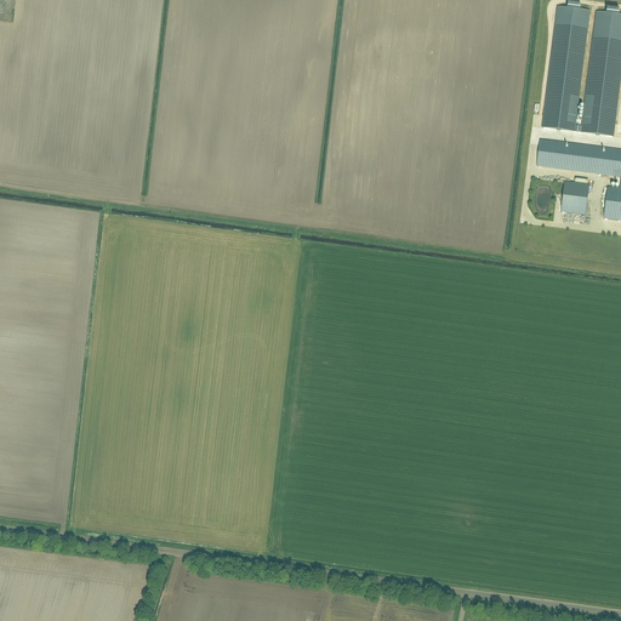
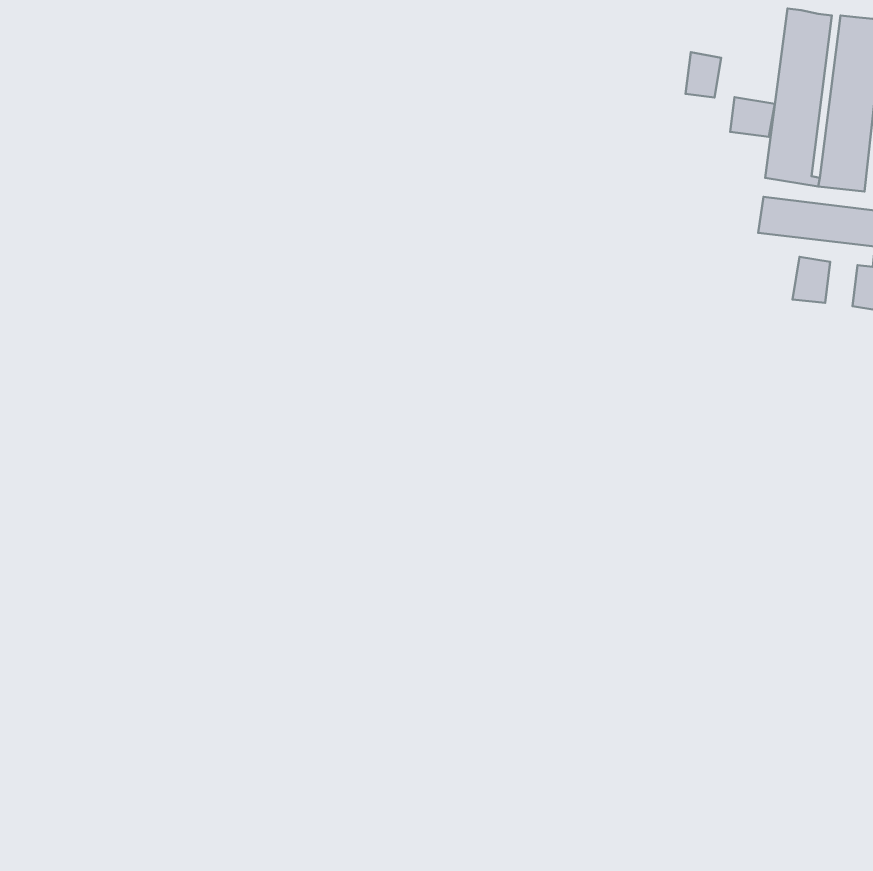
building: none -> [685,52,721,97]
building: none -> [730,97,775,137]

